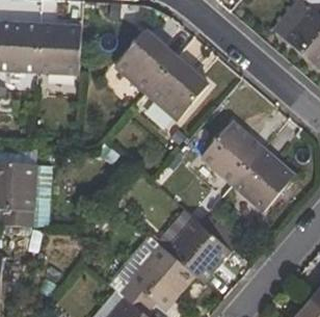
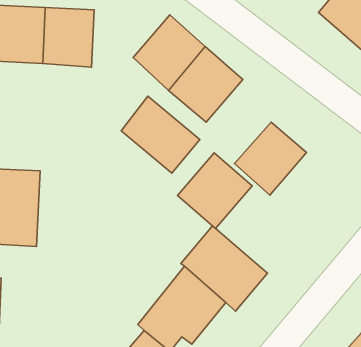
building: none -> [121,96,200,173]
building: [231,148,294,212] -> [178,153,252,228]

